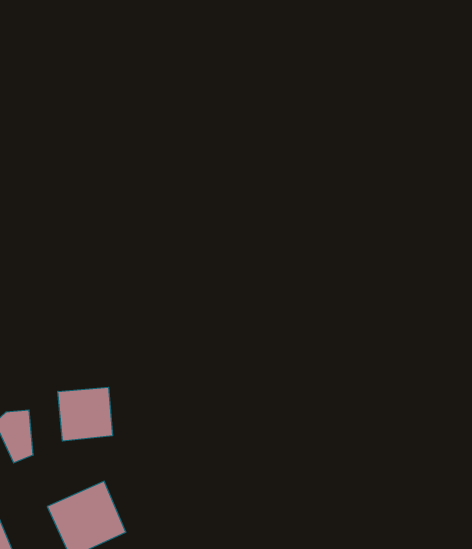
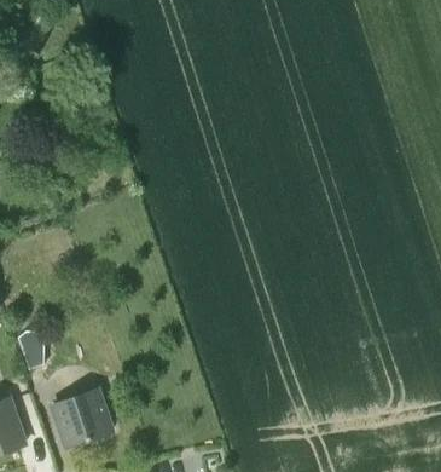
building: [58,387,112,441] -> none

